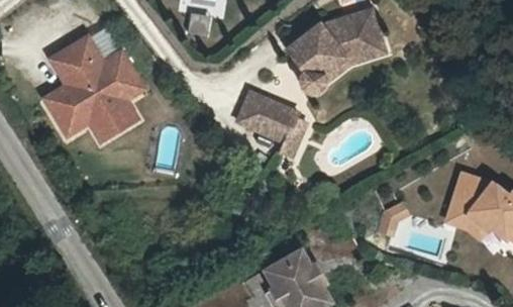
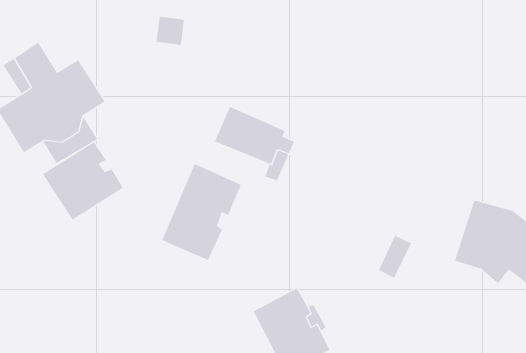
building: [286,6,397,94] -> none
building: none -> [42,142,123,221]
building: none -> [162,163,241,261]

